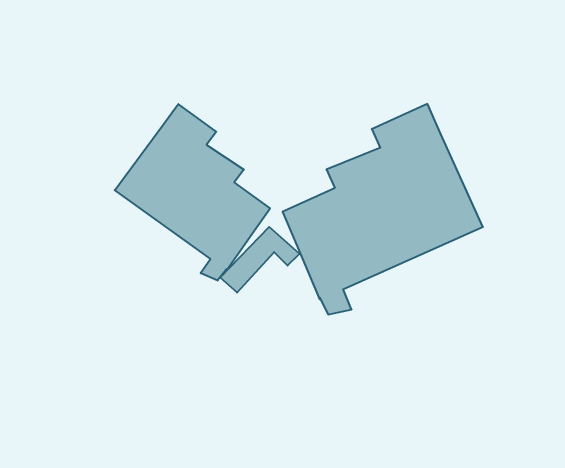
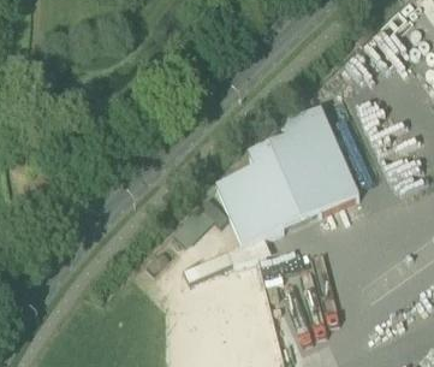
building: [115,104,270,281] -> none

